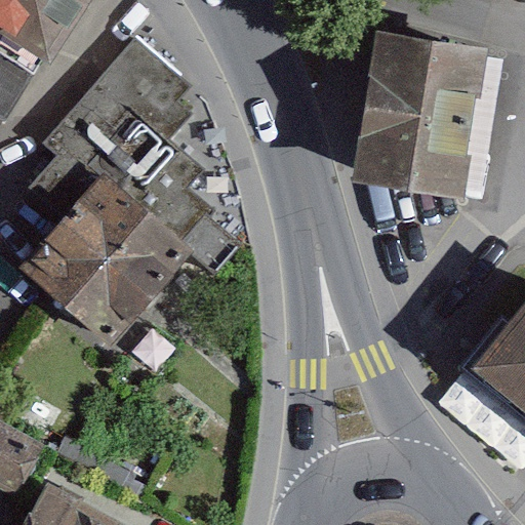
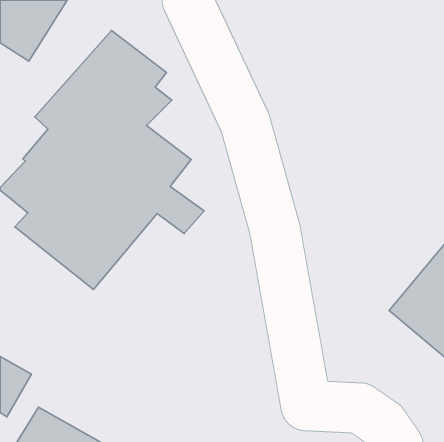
building: [355,33,483,187] -> none

